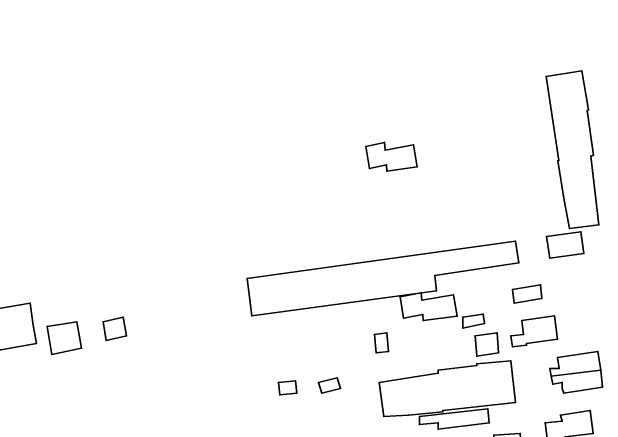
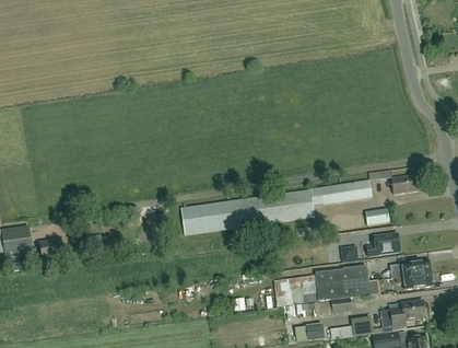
building: [546,71,599,229] -> none
building: [366,143,417,171] -> none
building: [400,293,457,320] -> none

